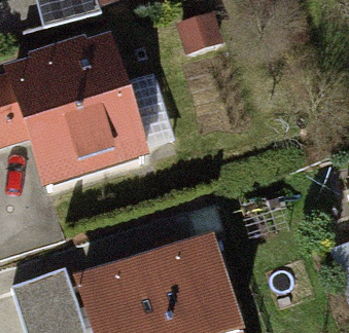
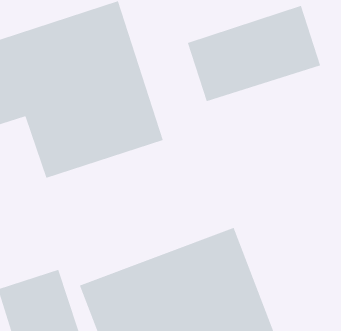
building: none -> [187,5,321,102]

